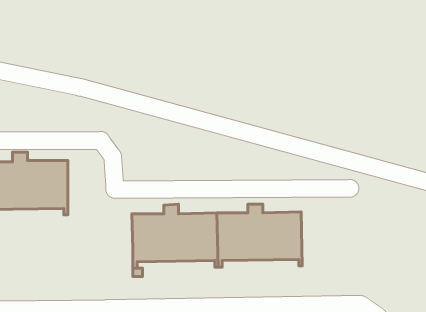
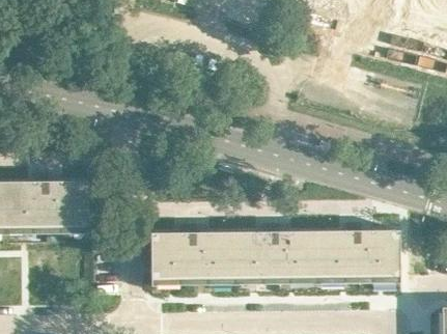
building: none -> [314,223,399,284]

